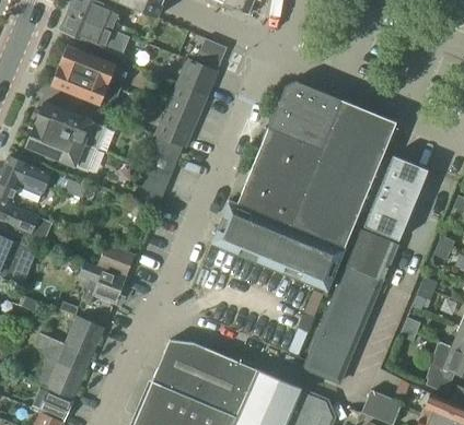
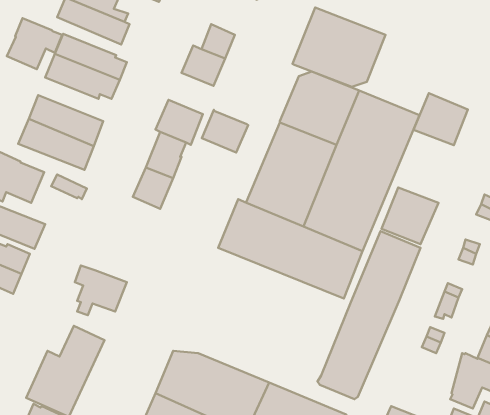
building: none -> [292,8,385,87]
building: none -> [7,18,62,69]
building: [165,81,208,120] -> [202,110,248,152]
building: [378,154,428,202] -> [413,93,468,145]
building: [97,243,135,275] -> none

